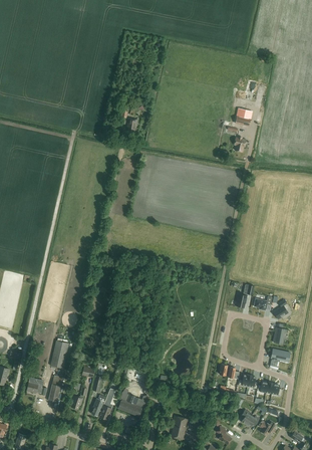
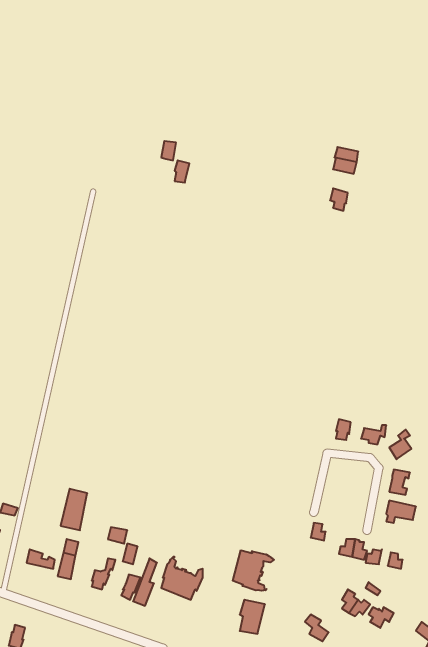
building: none -> [233,550,274,591]

